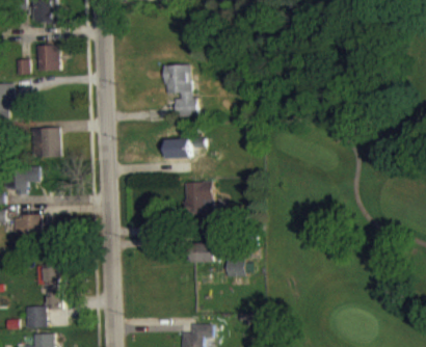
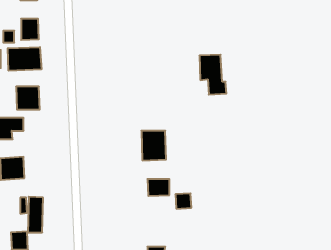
building: [163,64,196,113] -> [199,55,226,95]
building: none -> [8,47,41,71]
building: [165,138,190,158] -> none

